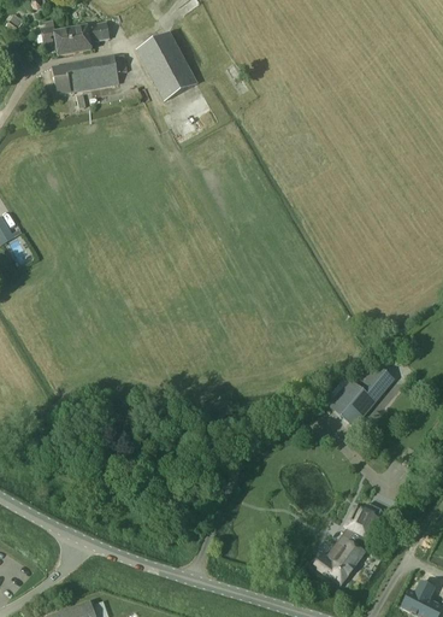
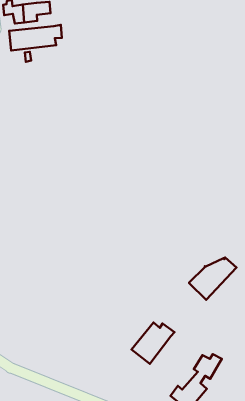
building: [135,31,197,101] -> none
building: none -> [132,323,175,364]

